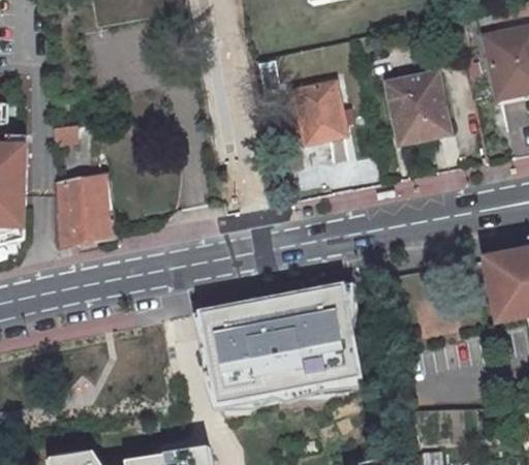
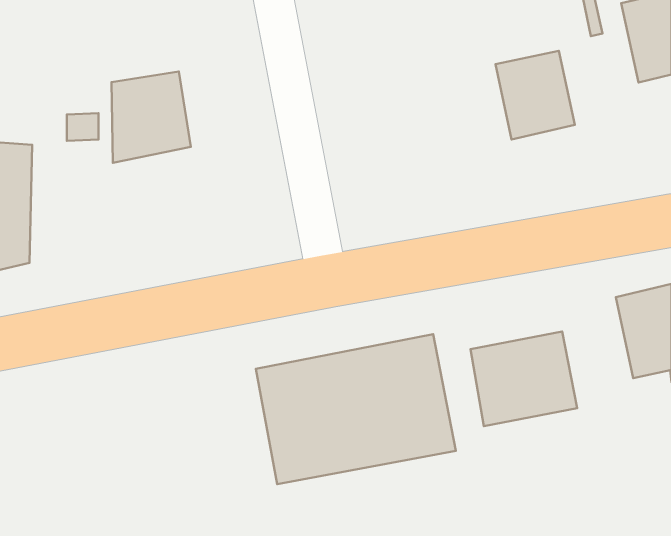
building: [295,79,344,140] -> none
building: [54,170,116,242] -> [111,71,191,163]
building: none -> [470,332,577,426]

